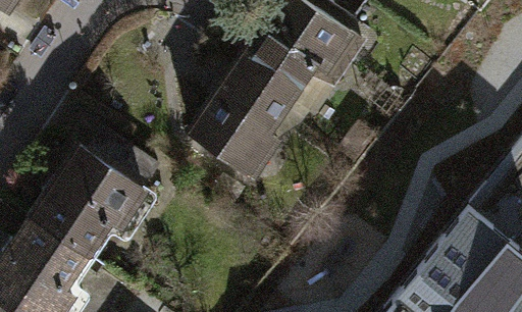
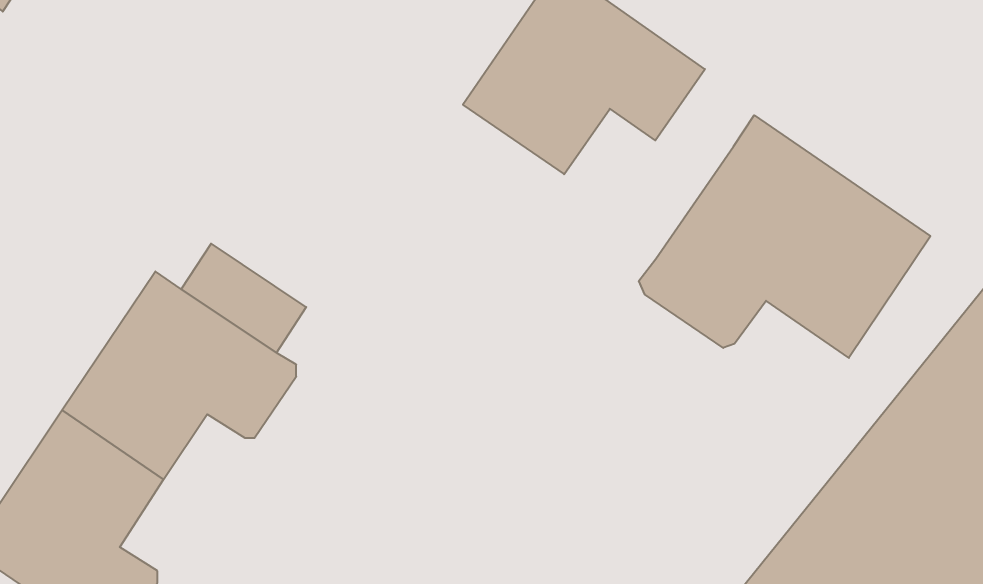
building: [190,63,292,179] -> none
building: none -> [639,115,930,358]

